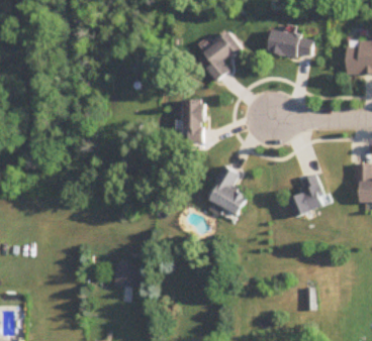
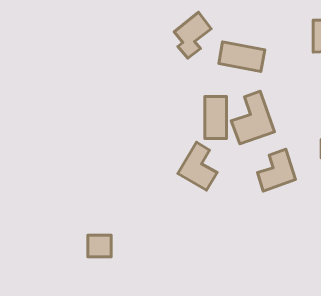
building: [267,29,314,60] -> [219,42,265,71]
building: [181,100,203,143] -> [205,97,226,139]
building: none -> [231,91,275,144]

